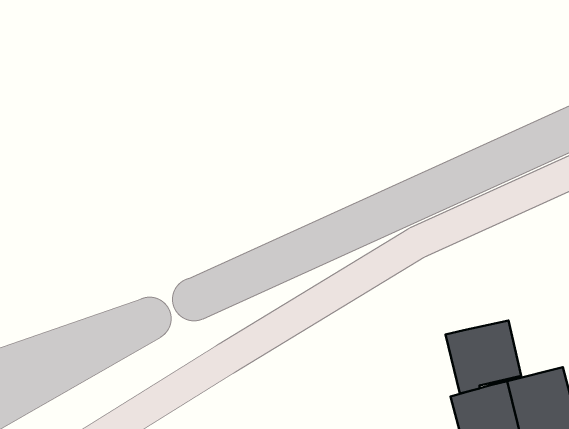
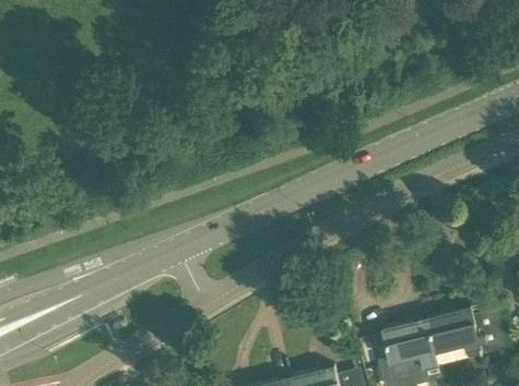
building: [445,320,521,393] -> none

